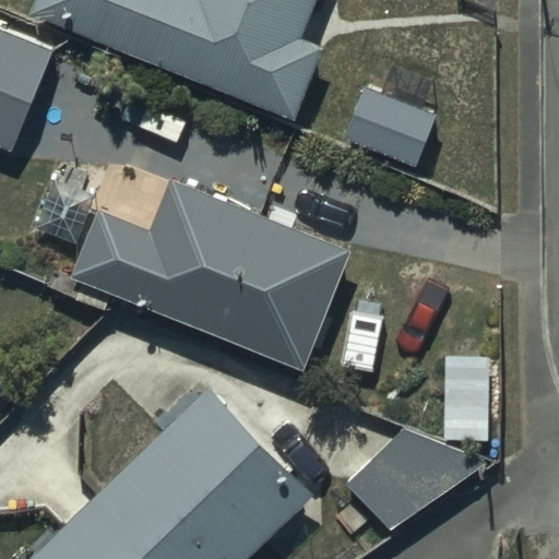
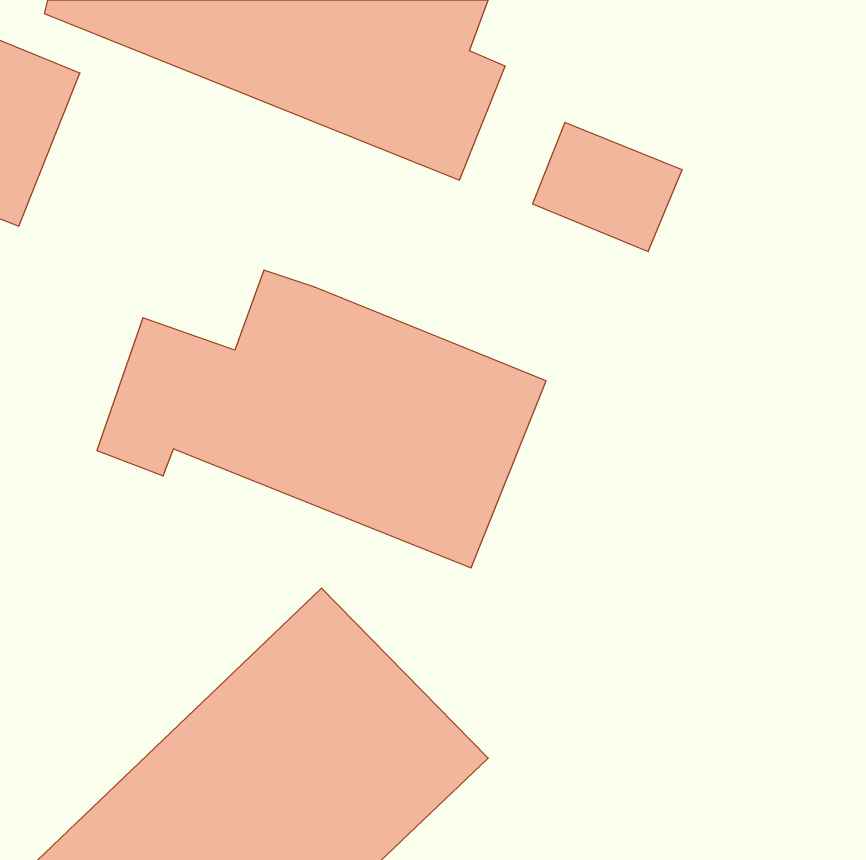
building: [345,431,486,531] -> none

